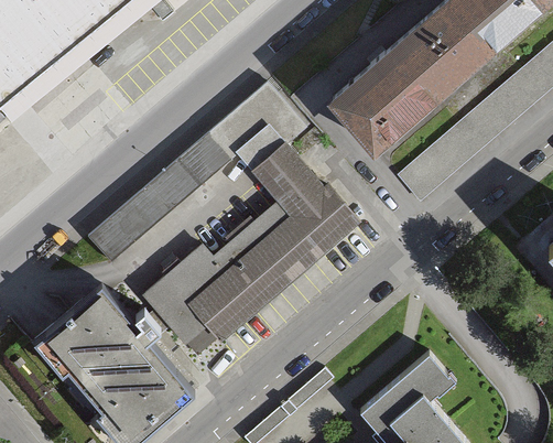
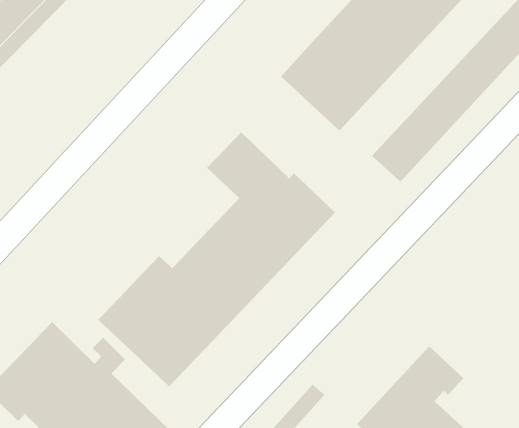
building: [86,82,304,266] -> none

